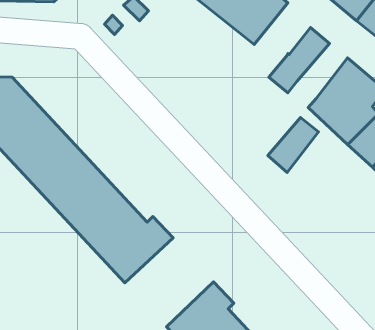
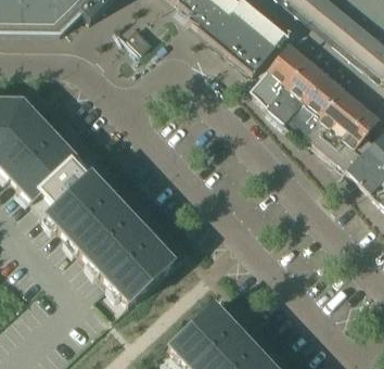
building: none -> [260,41,307,87]
building: [268,117,319,172] -> [294,72,343,125]

